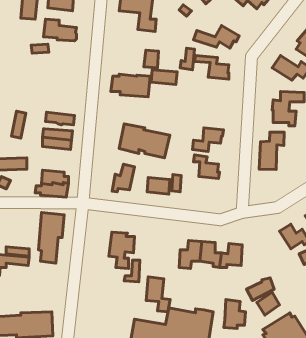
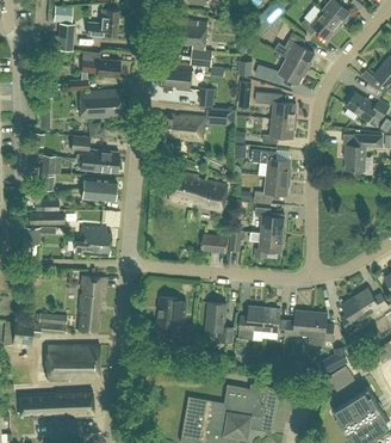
building: none -> [280,33,314,69]
building: none -> [165,64,191,88]
building: none -> [79,88,120,118]
building: none -> [261,117,294,142]
building: none -> [73,139,117,161]
building: none -> [250,149,290,178]
building: [259,132,284,169] -> none
building: [112,164,134,192] -> none
building: none -> [249,230,283,257]
building: none -> [340,295,366,331]
building: none -> [45,344,98,380]
building: [146,277,170,312] -> [205,301,232,342]
building: [224,299,245,328] -> [308,310,333,344]

